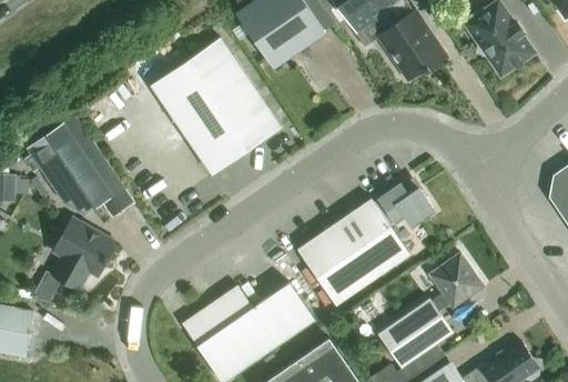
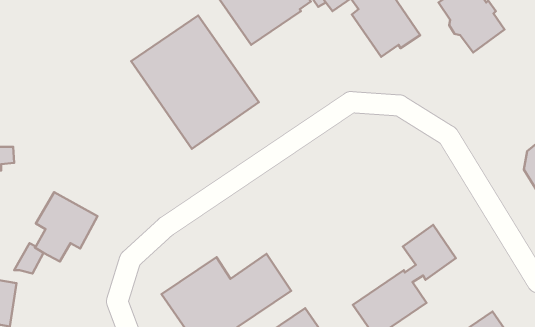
building: [22,107,125,215] -> none
building: [296,182,434,306] -> none

